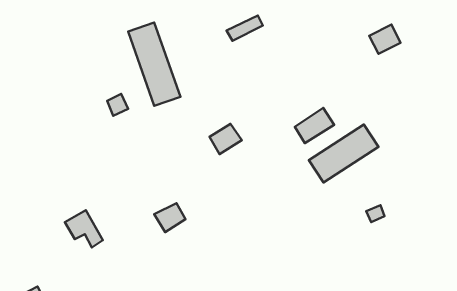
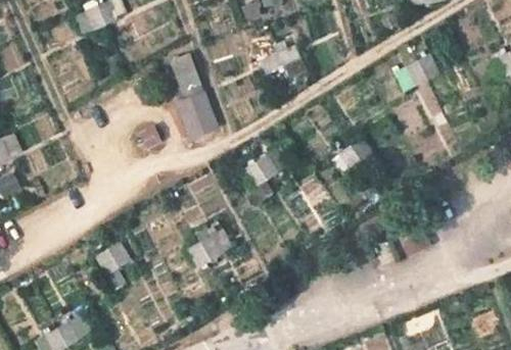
building: [309,124,379,183] -> none

